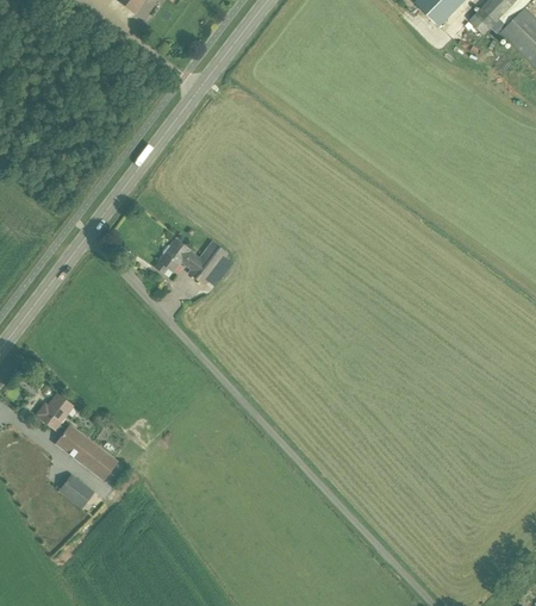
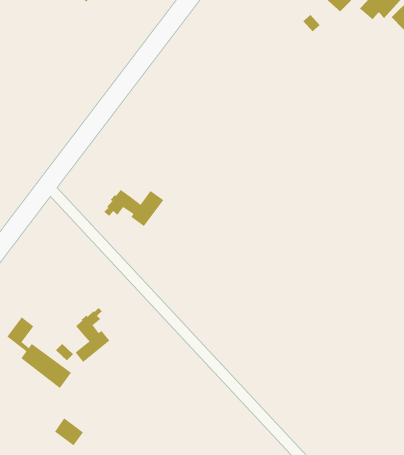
building: none -> [75,307,110,363]
building: [58,473,94,507] -> [54,418,84,446]

